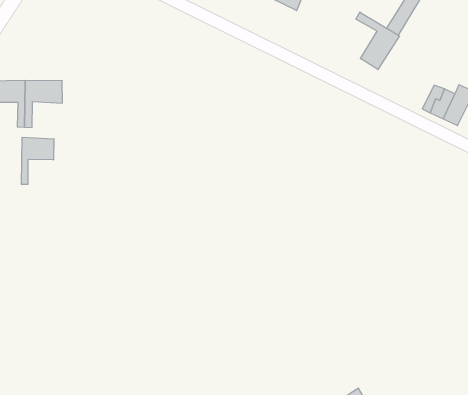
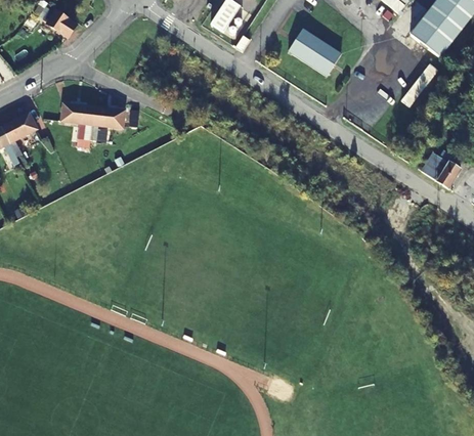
building: [356,12,399,70] -> none
building: [22,137,54,185] -> none

